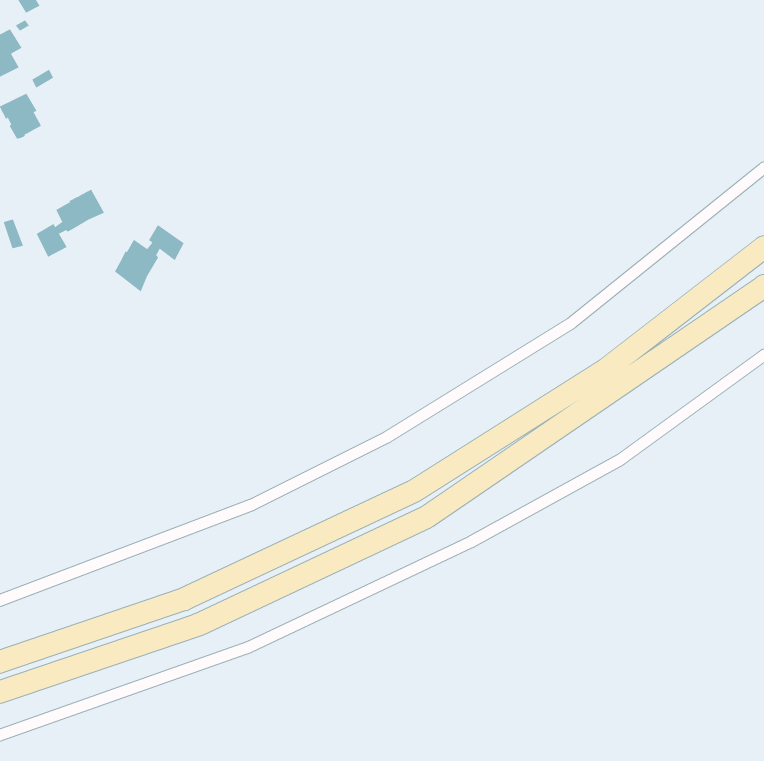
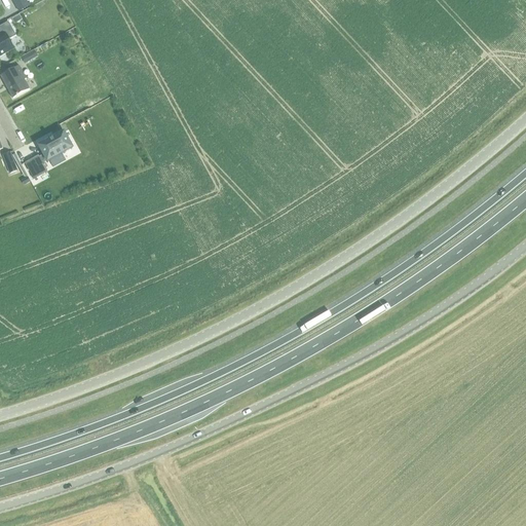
building: [114,224,184,292] -> none

